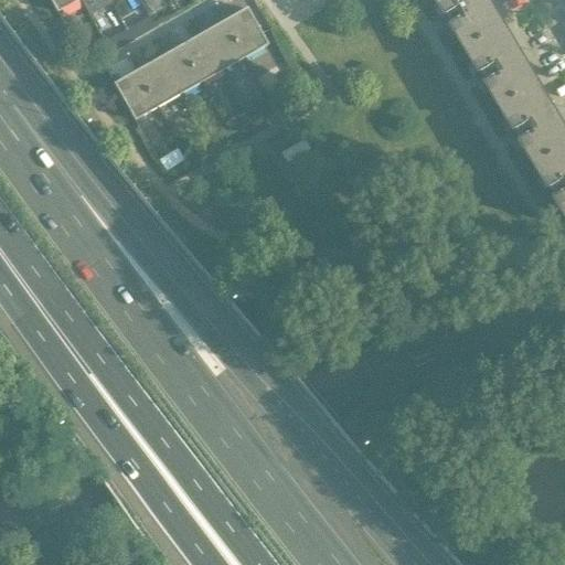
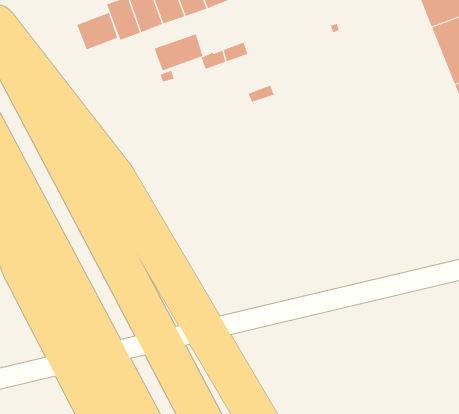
building: none -> [77,12,118,50]
building: none -> [154,33,203,71]

